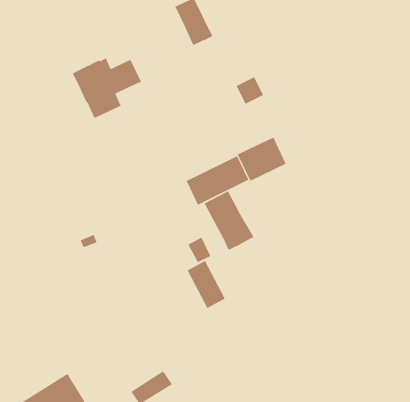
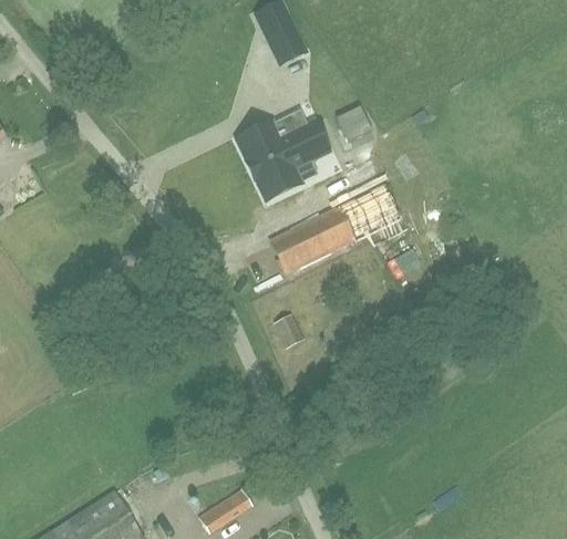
building: [72,57,142,118] -> [236,120,327,199]
building: [204,190,254,250] -> none
building: [187,260,226,309] -> none

